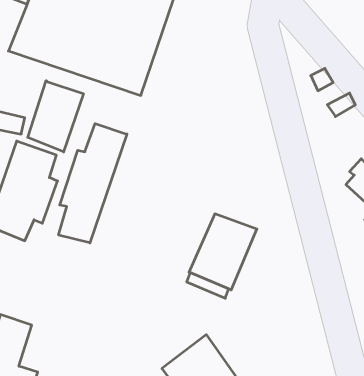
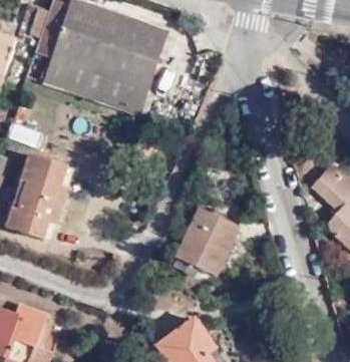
building: [28,81,83,152] -> none
building: [59,124,127,243] -> none

